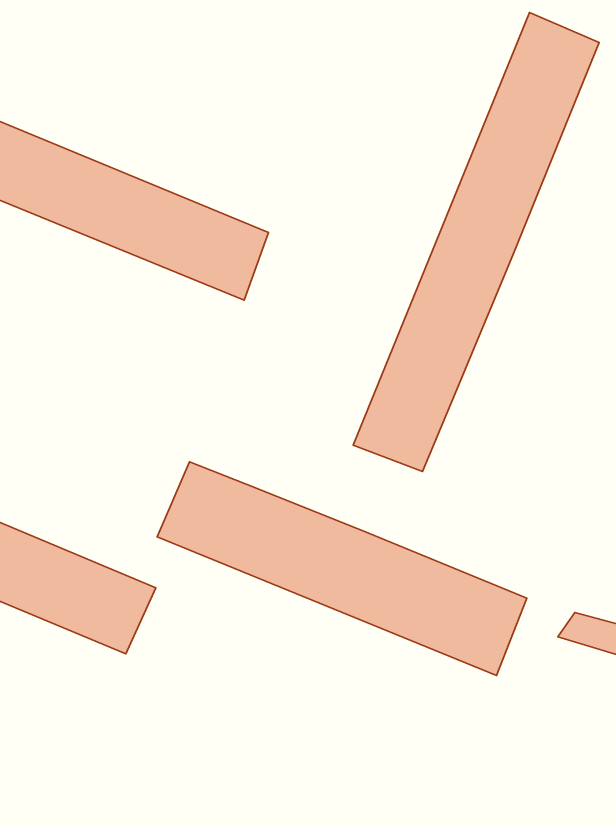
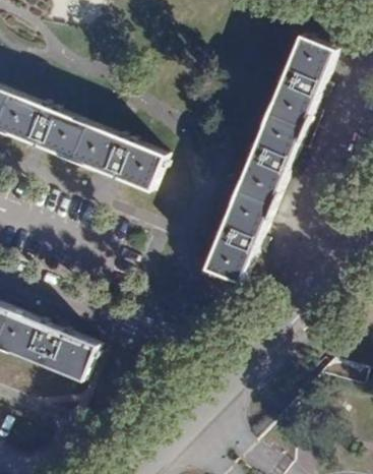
building: [157,462,527,676] -> none

